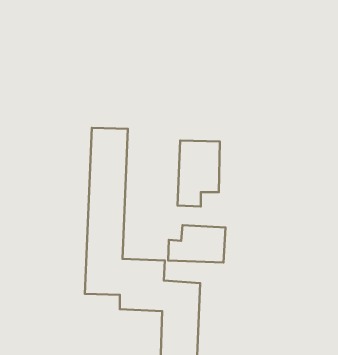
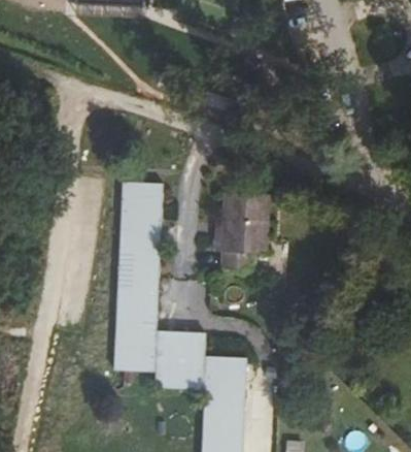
building: [168,225,225,263] -> none

